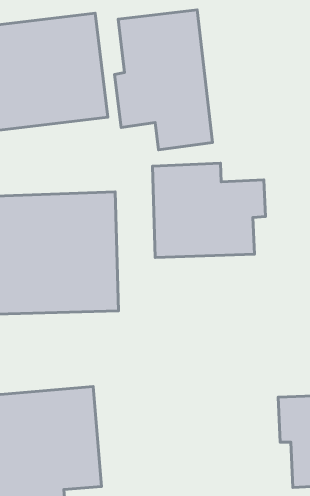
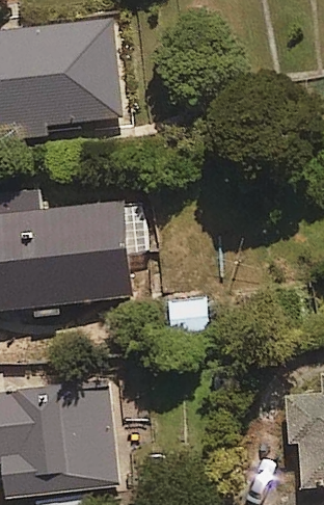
building: [115,10,213,150] -> none
building: [153,163,266,258] -> none

